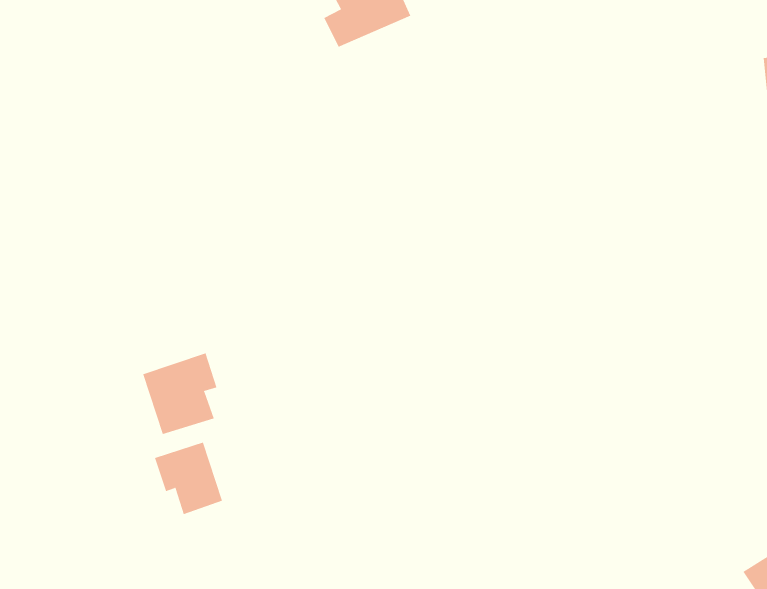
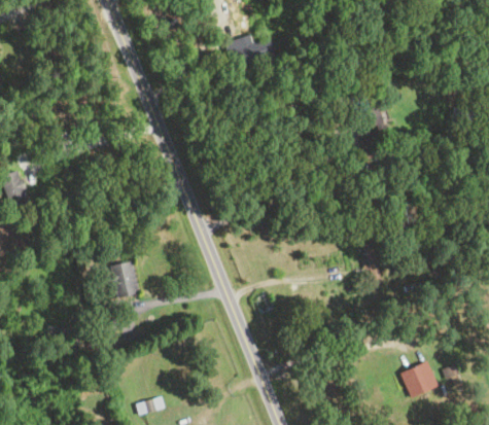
building: [143,352,217,435] -> none

